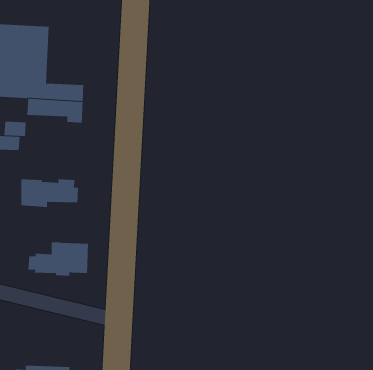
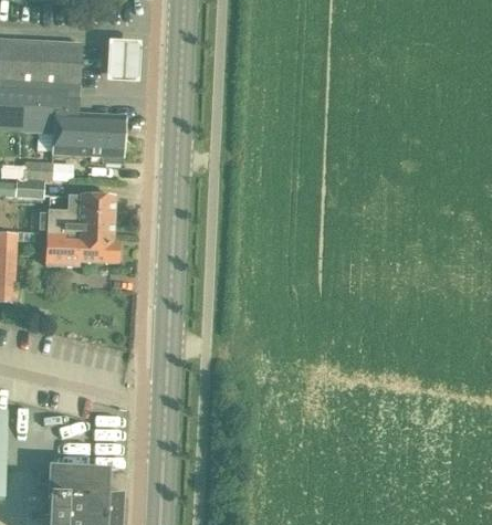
building: none -> [104,44,139,87]
building: [28,242,89,276] -> [39,193,115,237]

